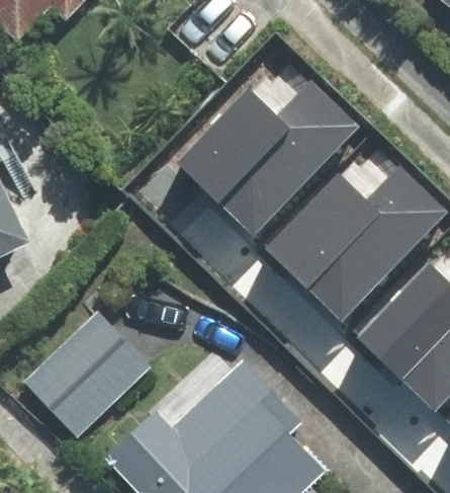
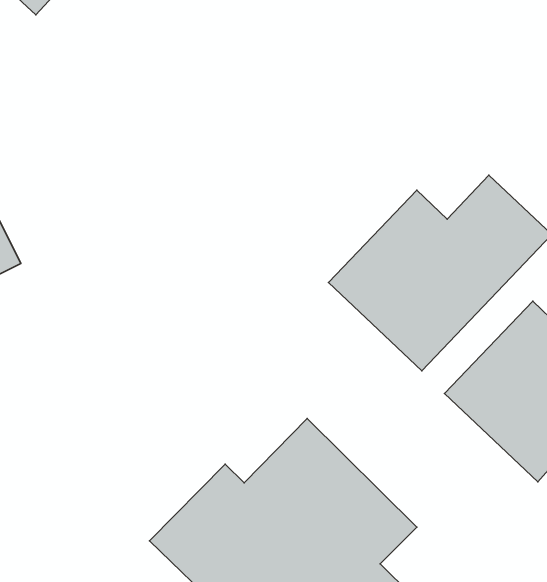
building: [176,78,355,236] -> none
building: [29,303,158,433] -> none

